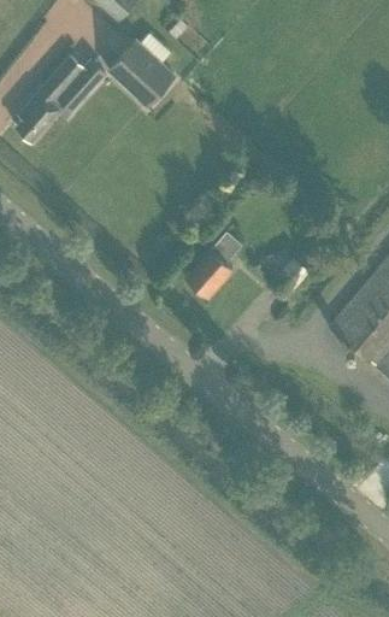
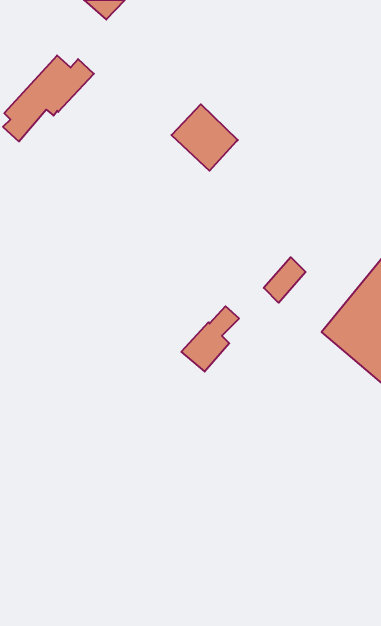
building: [110,39,175,104] -> [171,104,238,171]
building: [185,233,242,296] -> [181,306,239,372]

